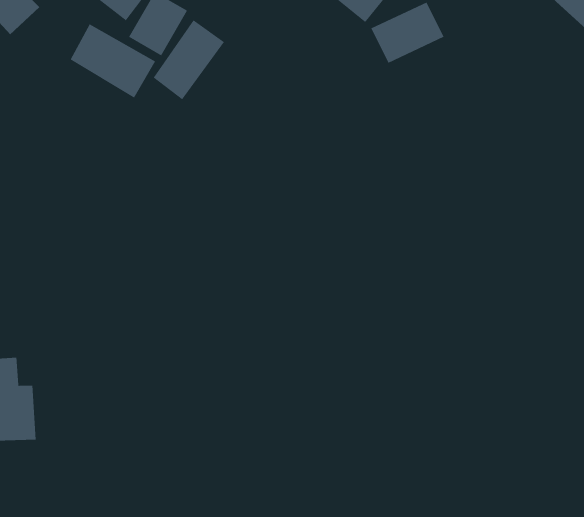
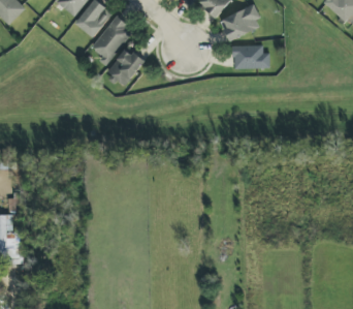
building: [70,23,156,99] -> none
building: none -> [232,44,269,69]
building: none -> [107,48,143,85]

